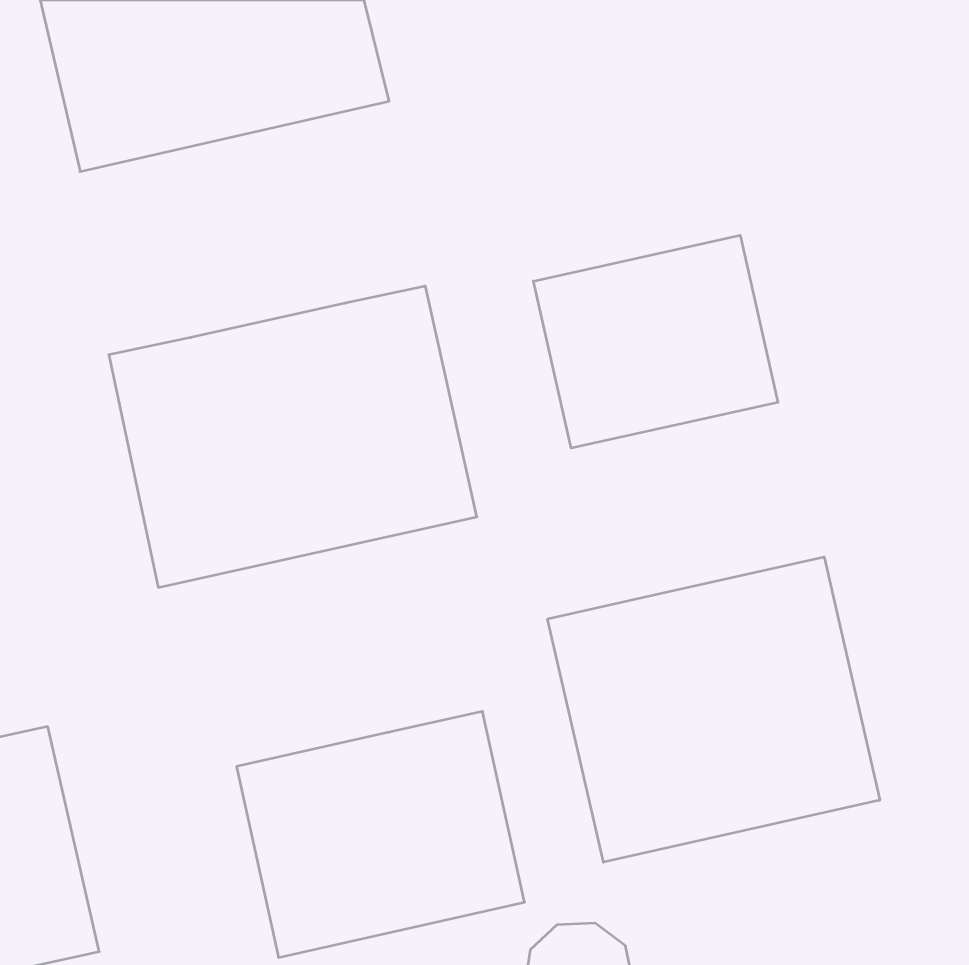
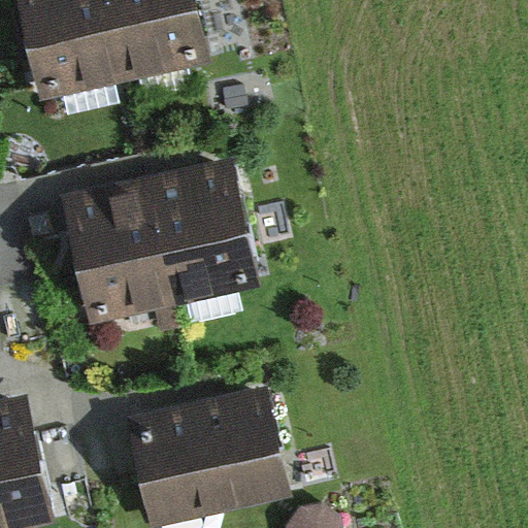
building: [533,235,778,448] -> none
building: [548,557,880,862] -> none

